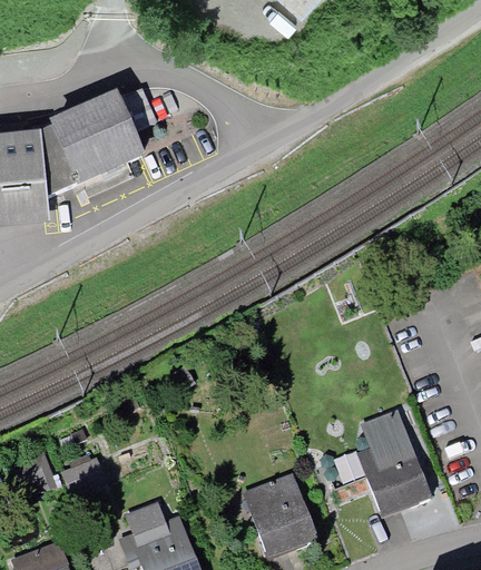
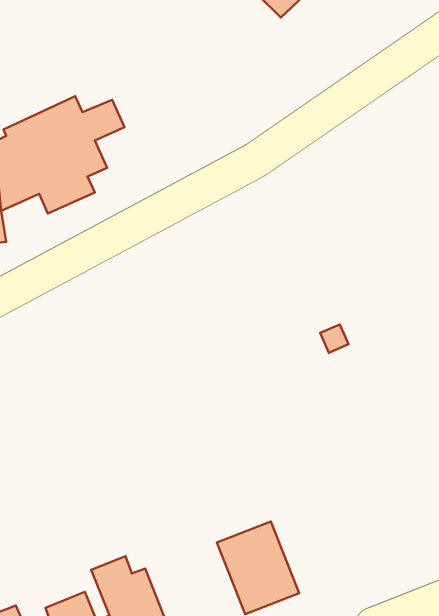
building: [355,406,436,515] -> none
building: [59,455,102,497] -> none

